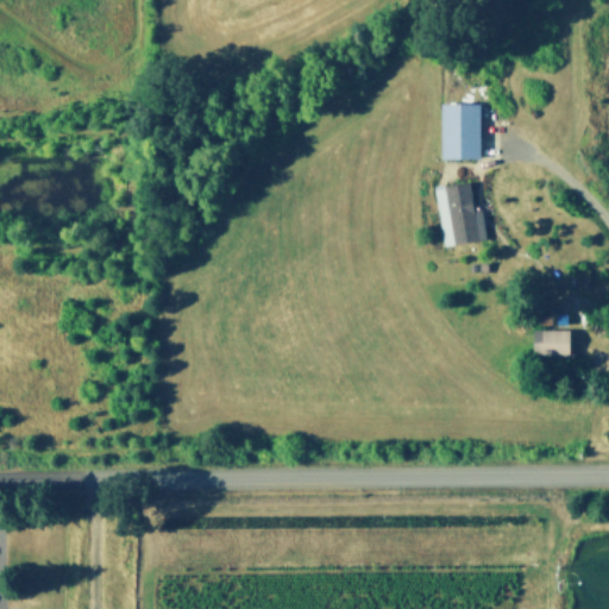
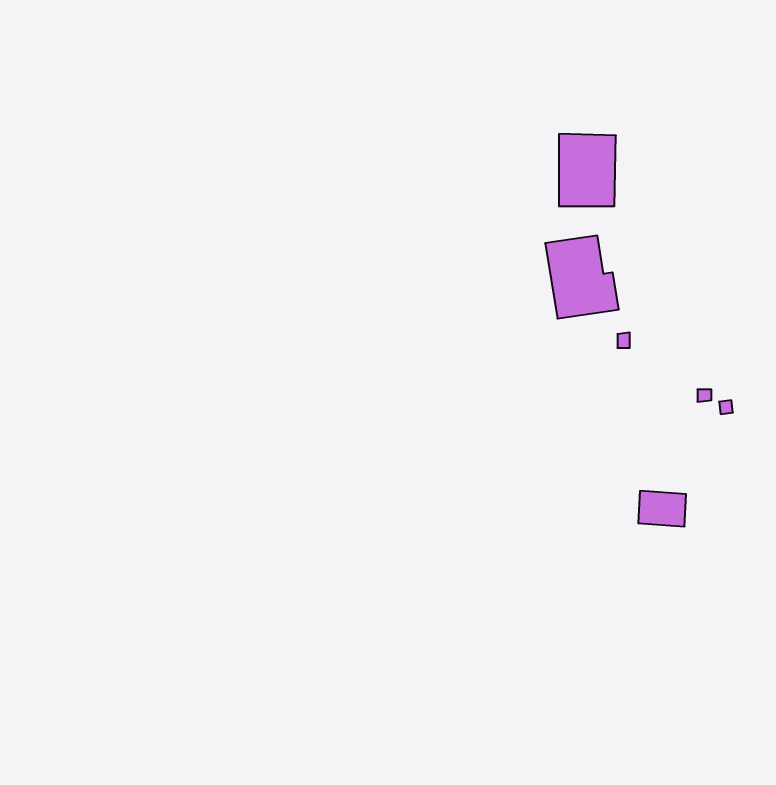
building: [539,325,576,352] -> [638,491,686,526]

